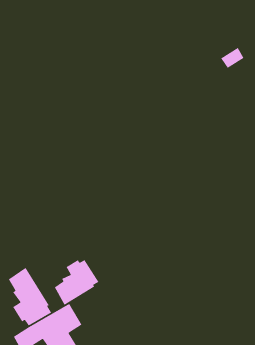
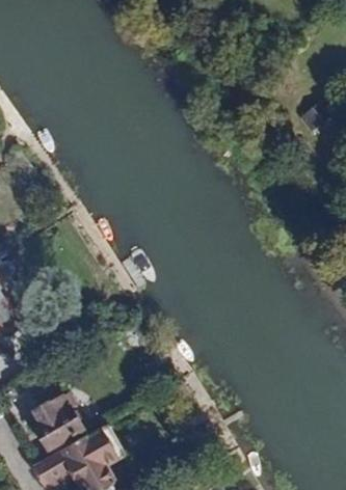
building: [54,259,100,306] -> none

